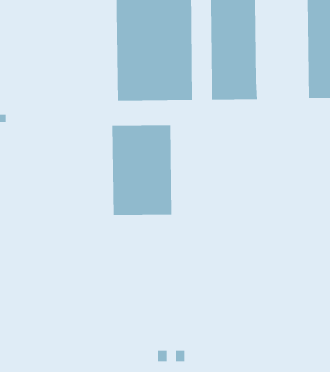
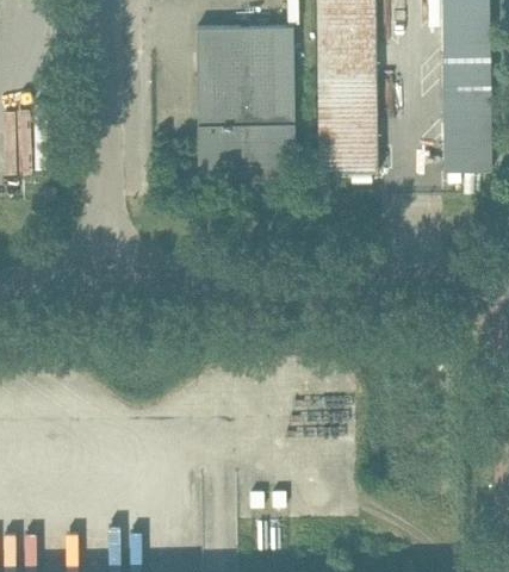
building: [111,124,172,216] -> none

